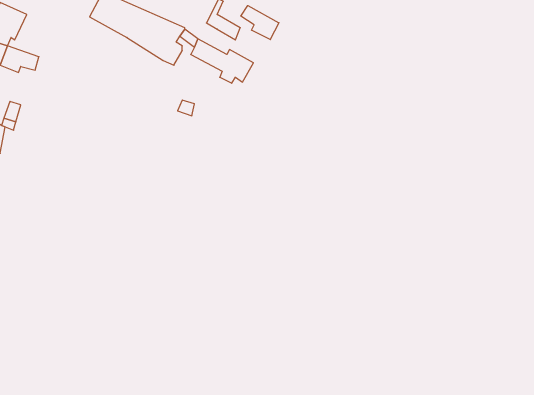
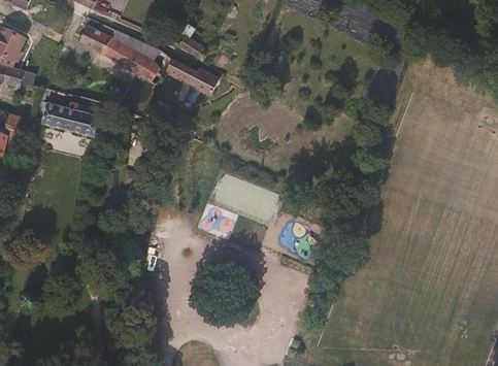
building: [241,6,279,40] -> none
building: none -> [42,101,99,134]

